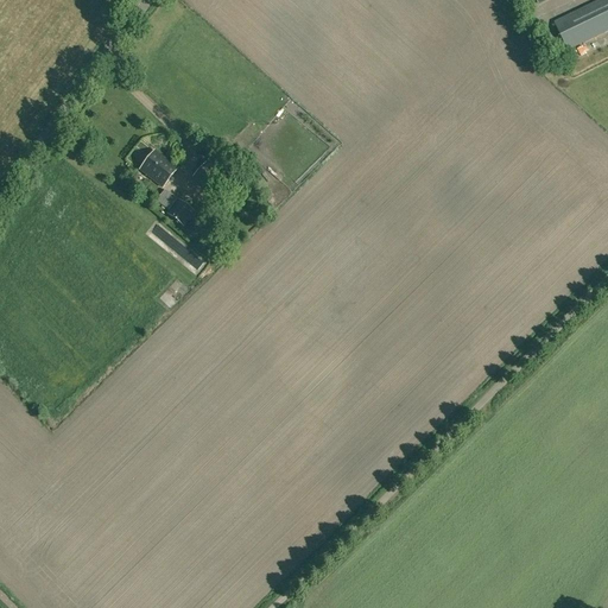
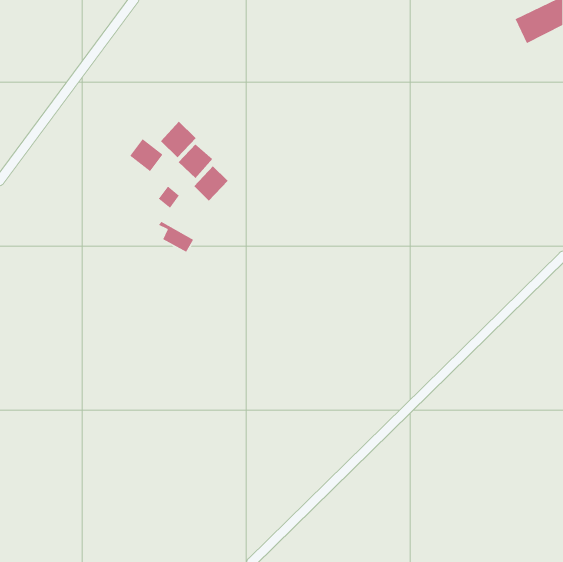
building: none -> [160,121,196,158]
building: none -> [193,165,228,202]

